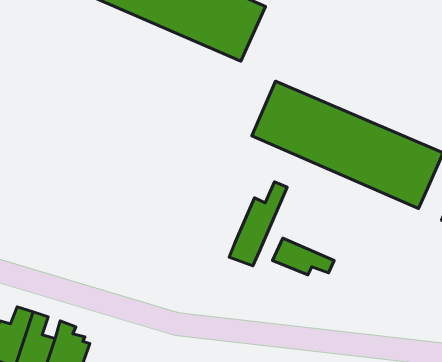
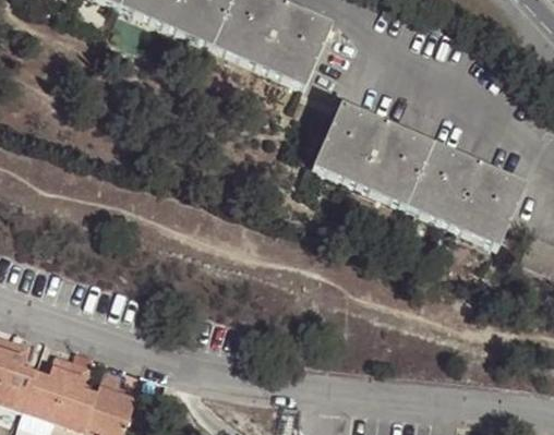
building: [229,182,287,266] -> none
building: [273,238,334,275] -> none

